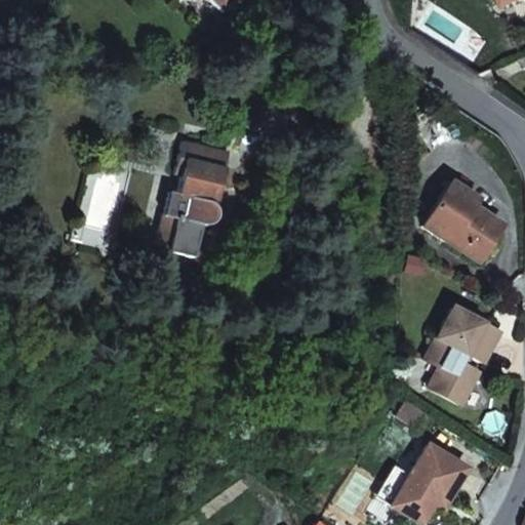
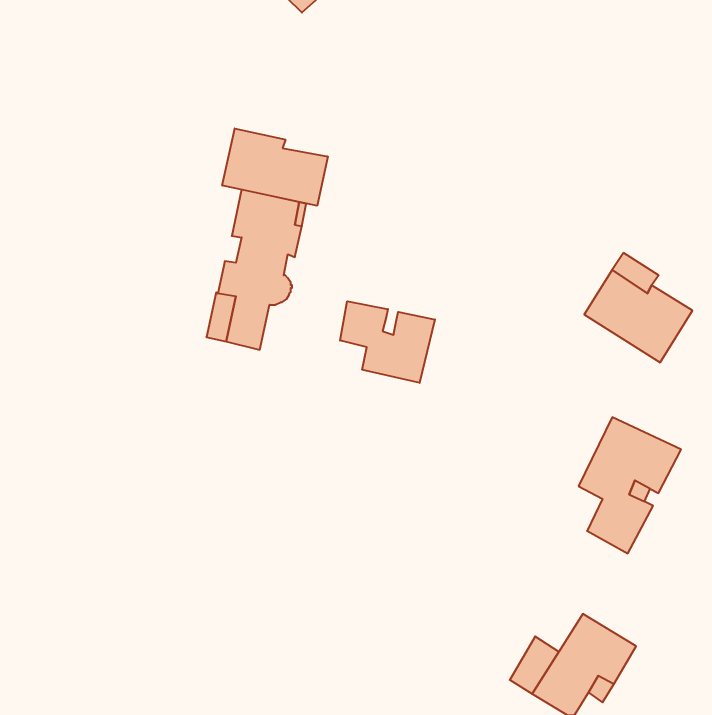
building: none -> [222,128,328,206]
building: none -> [340,301,435,383]

